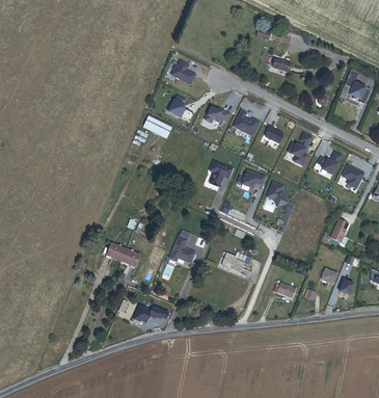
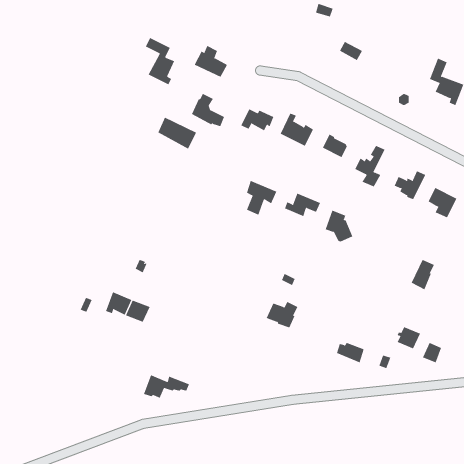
building: none -> [145,37,175,85]
building: [169,234,195,262] -> none

